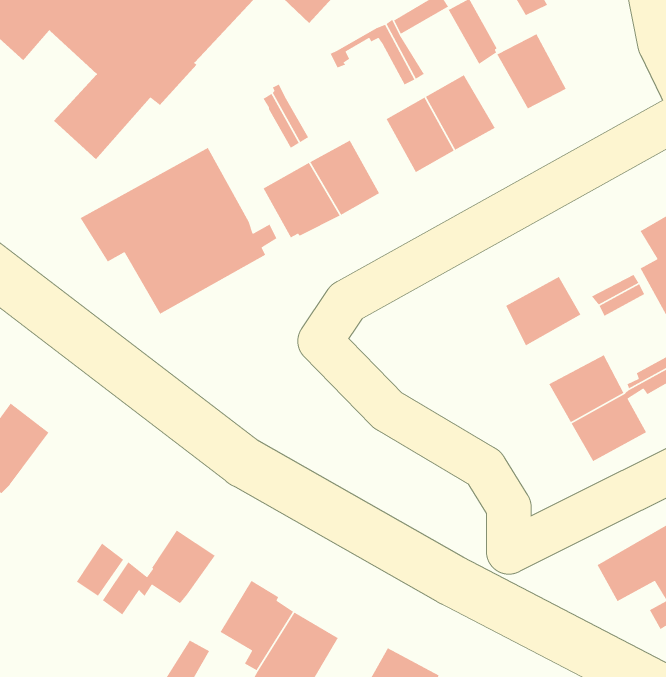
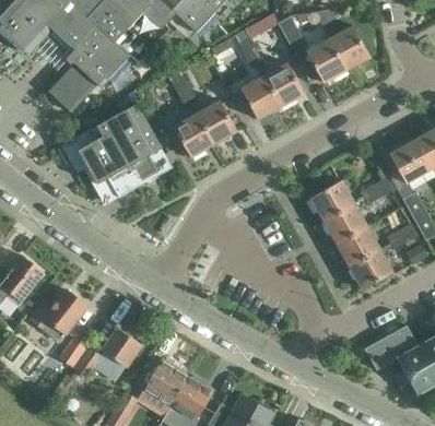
building: none -> [329,25,369,71]
building: none -> [322,203,368,244]
building: none -> [30,291,87,334]

